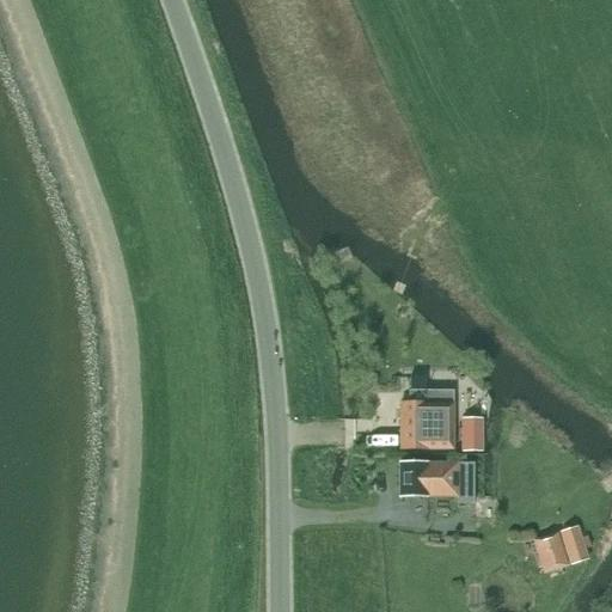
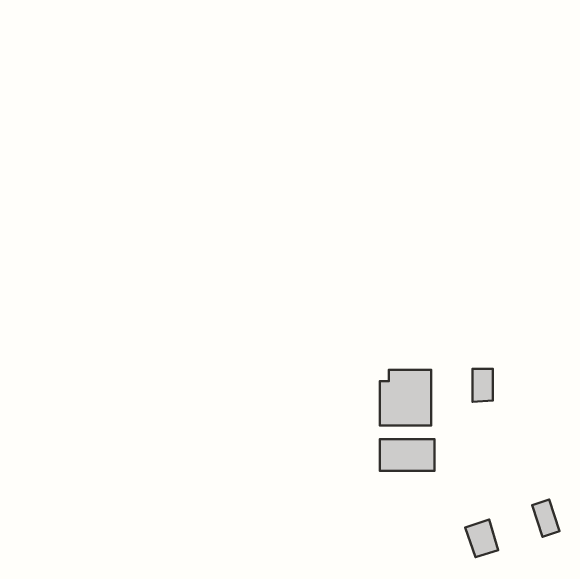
building: [463,416,484,451] -> [472,369,493,402]
building: [533,532,568,571] -> [465,519,498,557]

